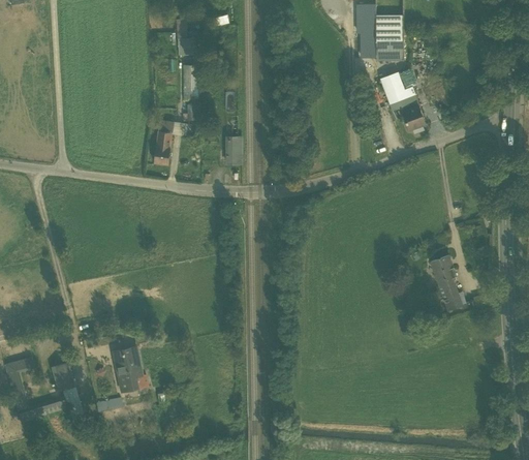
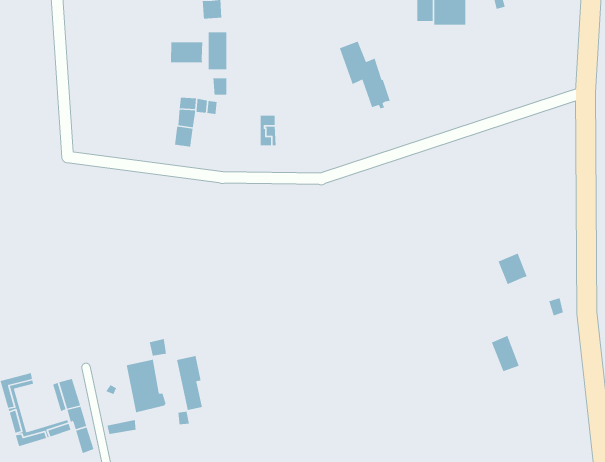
building: [380,72,425,131] -> [339,41,391,109]
building: none -> [170,41,203,63]
building: [438,276,463,308] -> [491,335,520,372]
building: none -> [176,355,203,411]

